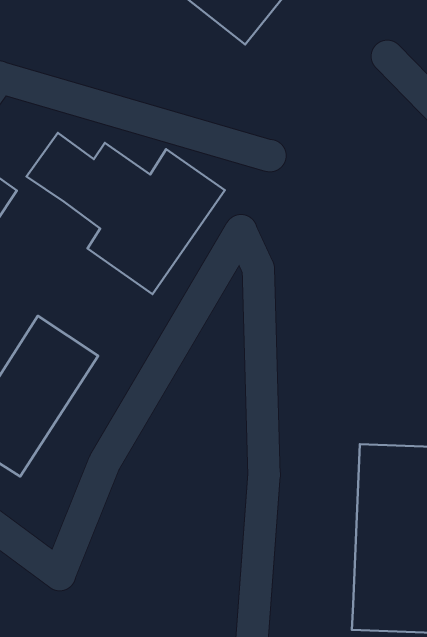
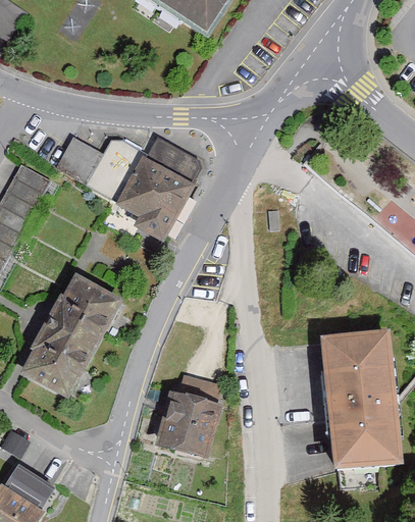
building: none -> [155,368,226,448]

